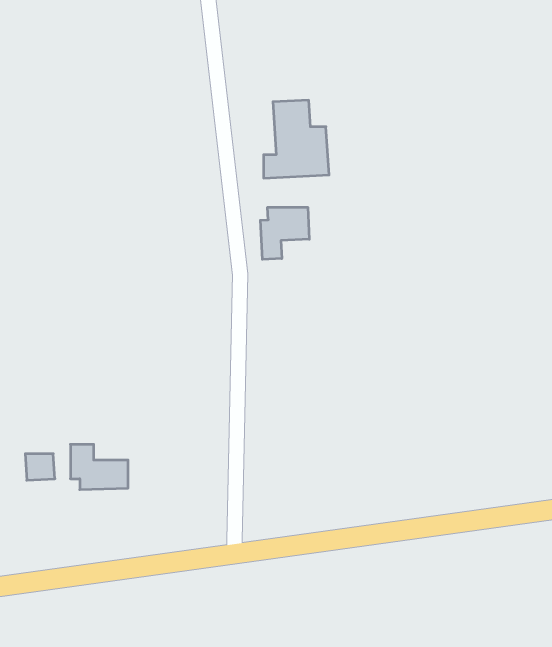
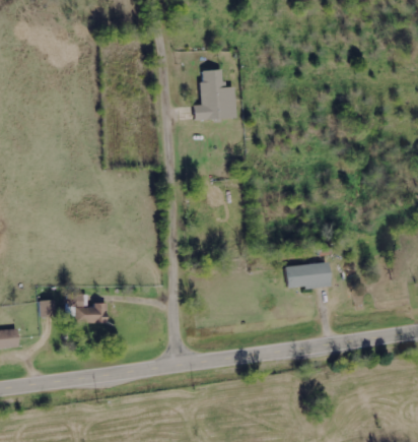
building: [260,207,309,259] -> none
building: none -> [285,263,330,286]

